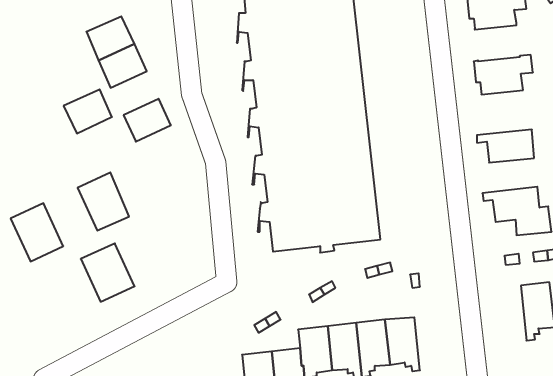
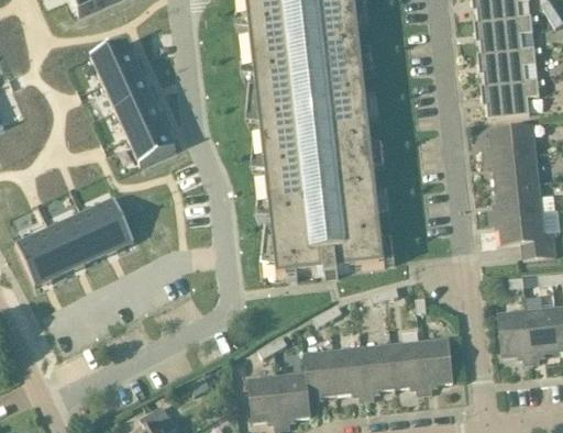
building: none -> [477,46,537,85]
building: [64,89,112,133] -> [117,95,165,138]
building: none -> [483,123,551,158]
building: none -> [489,181,544,216]
building: [81,243,135,302] -> [49,211,103,269]
building: none -> [498,309,533,365]
building: none -> [421,337,455,393]

